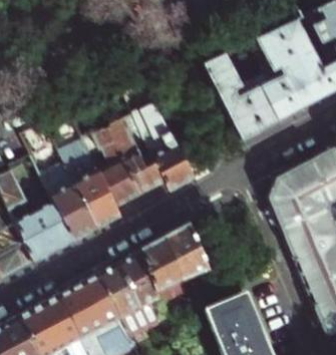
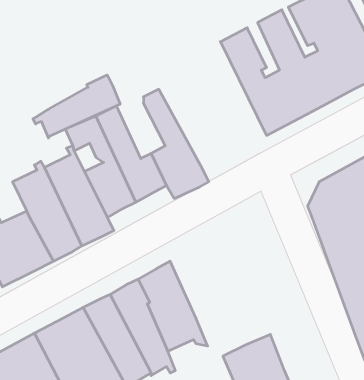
building: none -> [33,75,120,138]
building: [164,224,220,299] -> none

